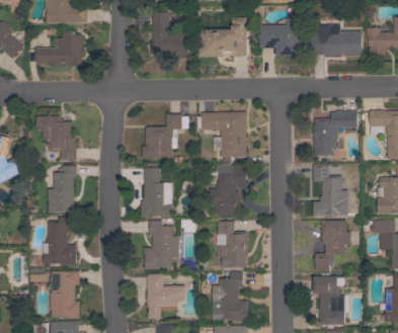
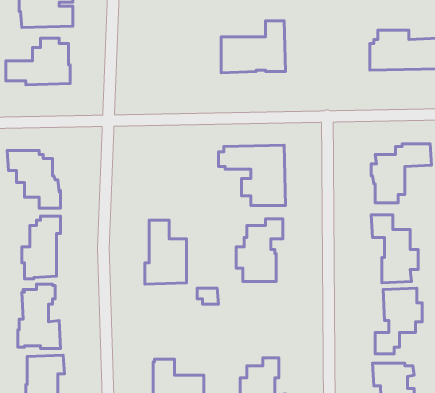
building: [152,12,190,58] -> none
building: [259,18,300,55] -> none
building: [143,114,188,158] -> none
building: [144,220,179,270] -> none
building: [217,221,247,267] -> none

